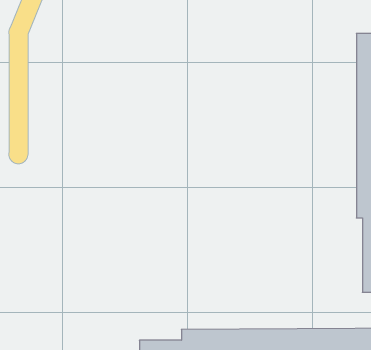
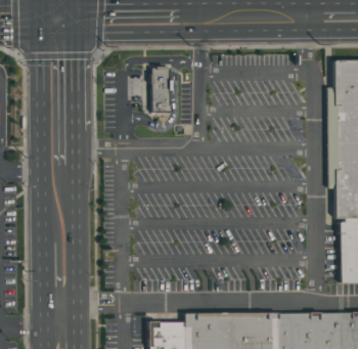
building: none -> [152,67,172,113]

